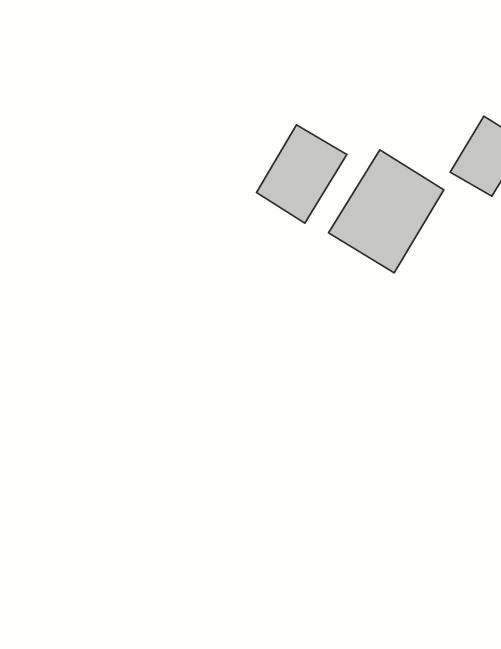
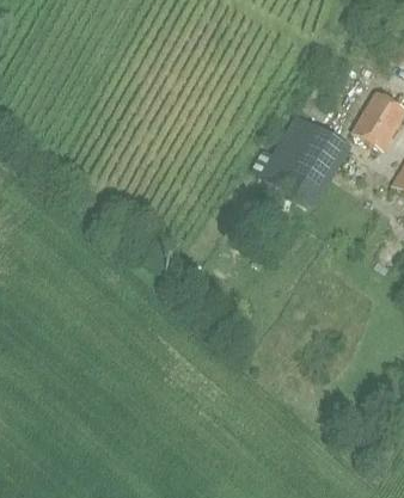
building: [257,125,347,223] -> none

